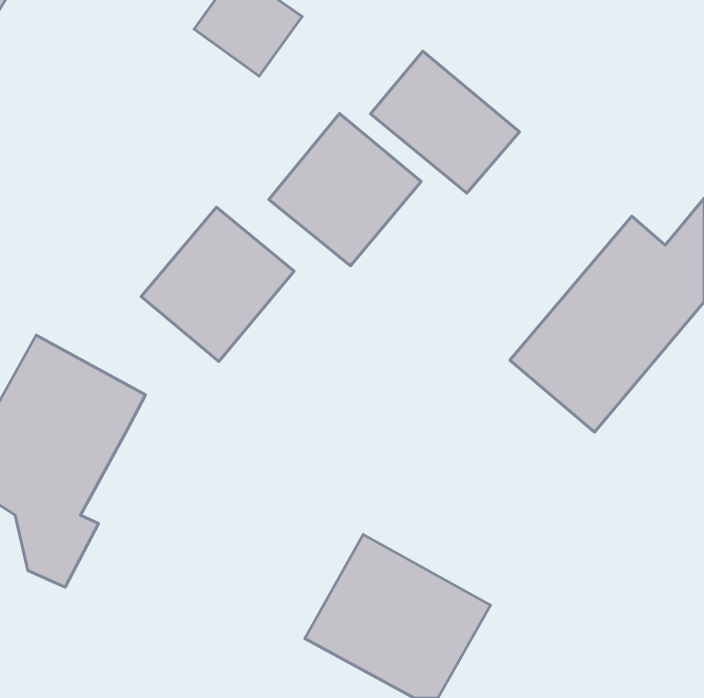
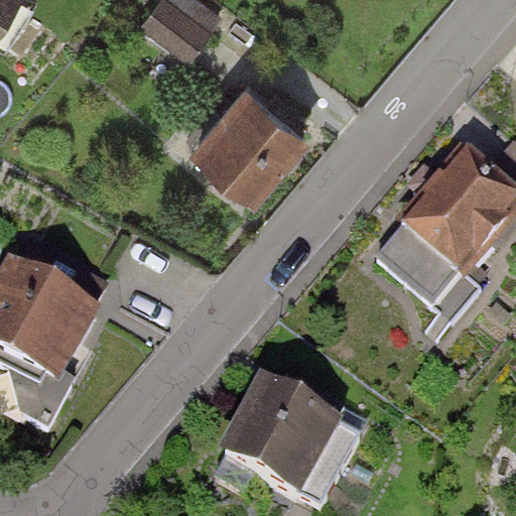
building: [371,51,519,193] -> none
building: [141,207,294,362] -> none

